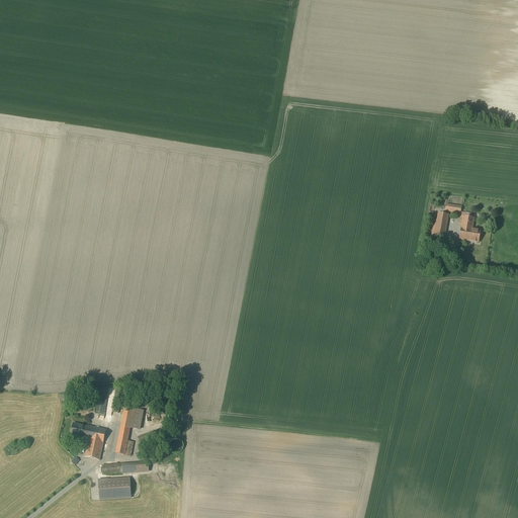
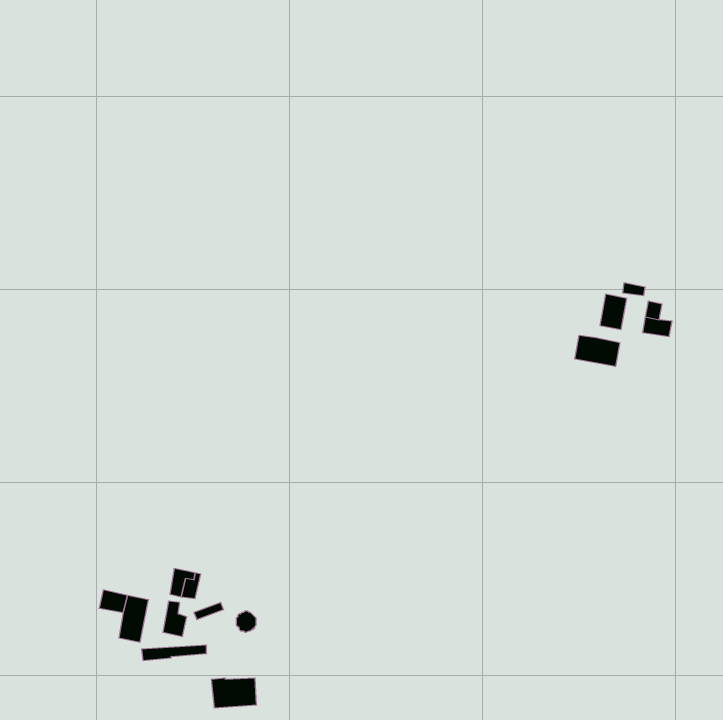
building: none -> [575,335,620,367]
building: [98,478,131,499] -> [211,678,257,708]

